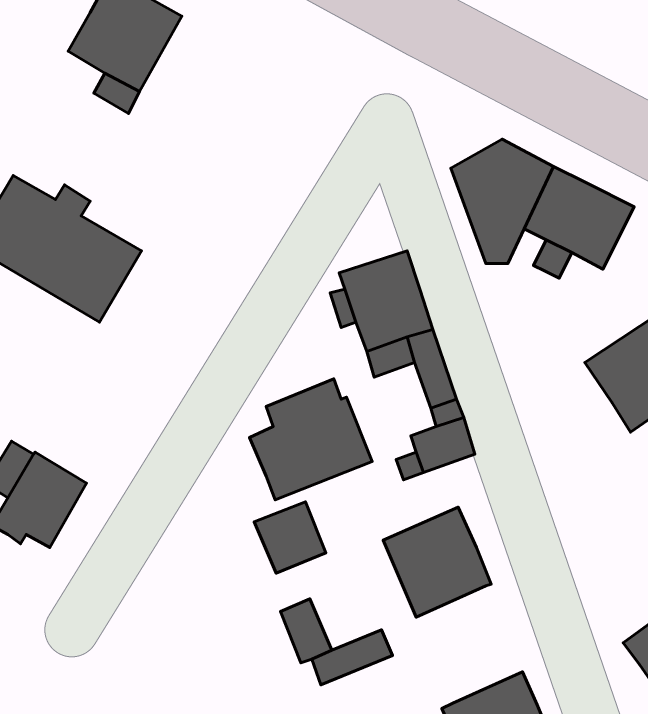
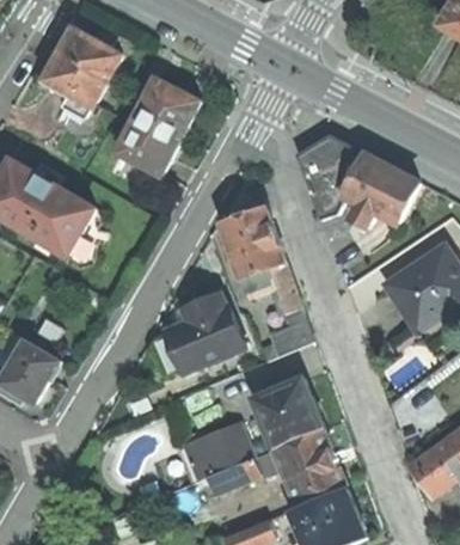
building: none -> [116,79,198,174]
building: [254,502,326,573] -> [204,423,251,470]
building: none -> [274,428,343,504]

